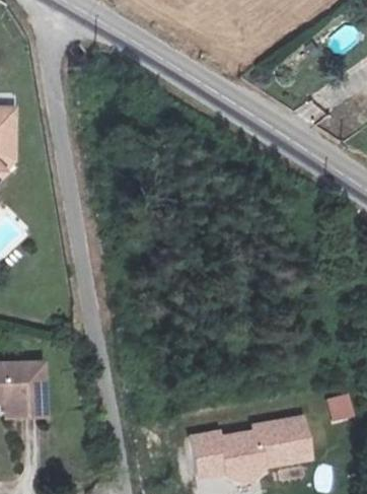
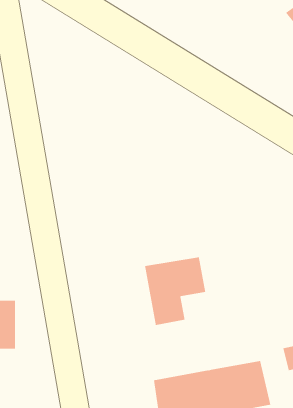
building: none -> [144,256,206,326]

